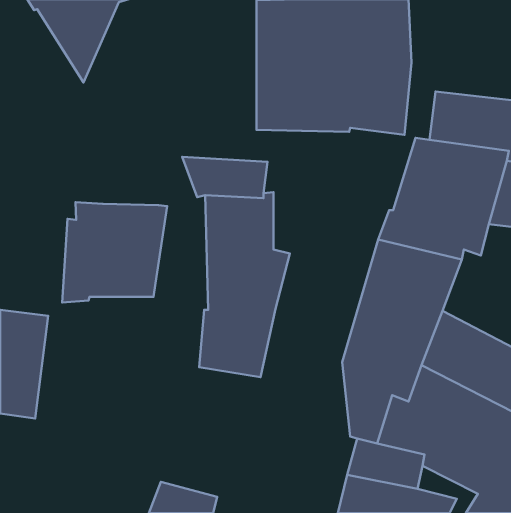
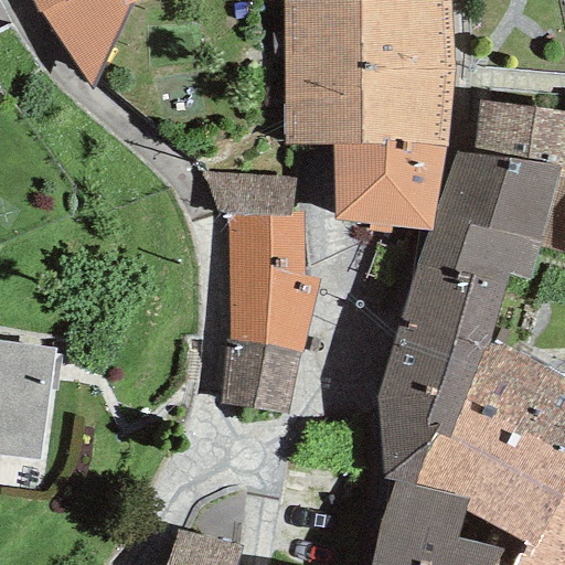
building: none -> [334,140,447,231]
building: [62,202,167,302] -> none

